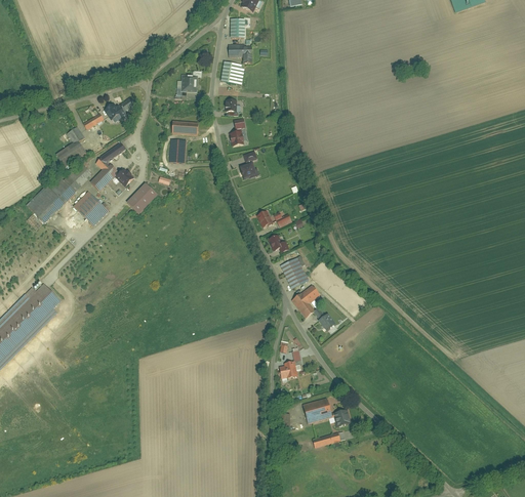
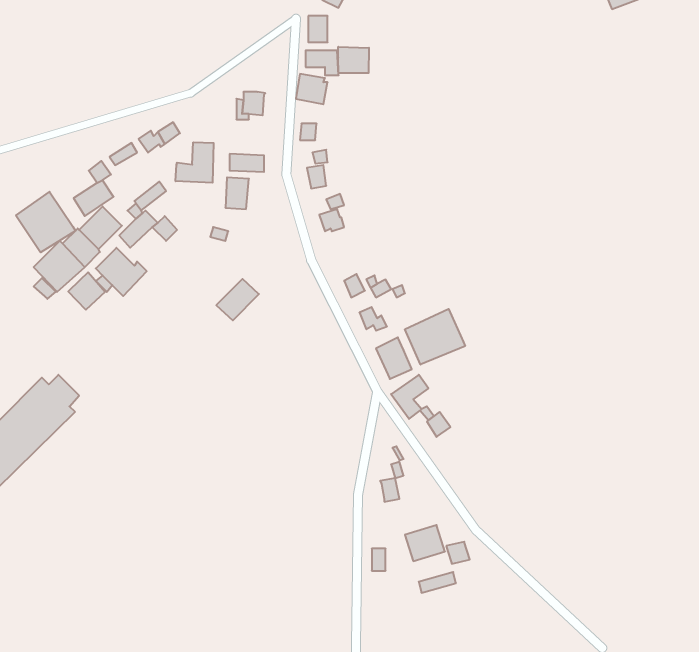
building: none -> [338,47,369,73]
building: none -> [176,142,214,183]
building: none -> [16,192,75,252]
building: [125,183,157,214] -> [216,279,259,320]
building: none -> [68,272,105,310]
building: none -> [405,309,465,365]

